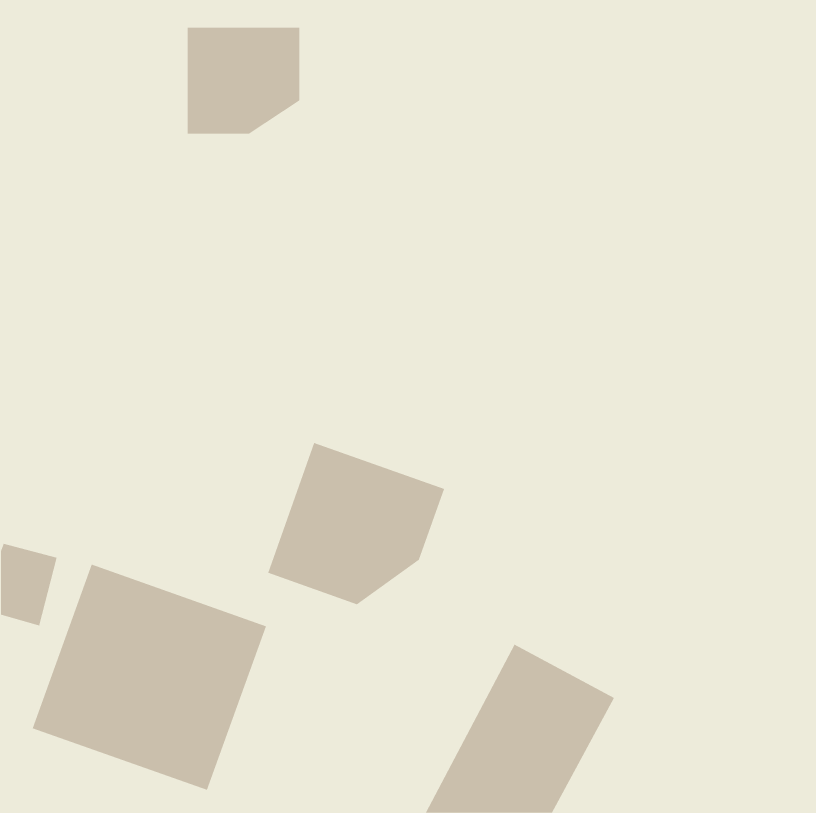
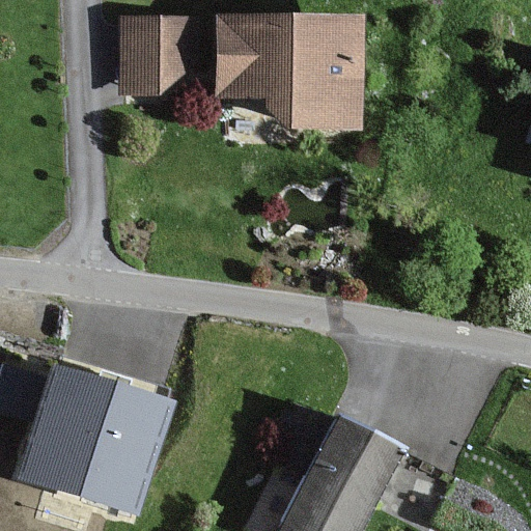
building: none -> [214,13,363,133]
building: [267,442,445,605] -> none

